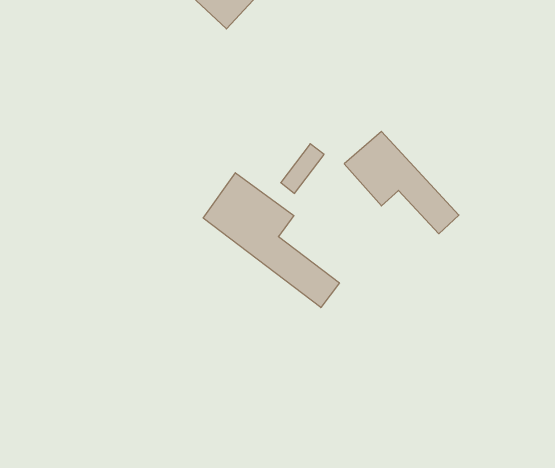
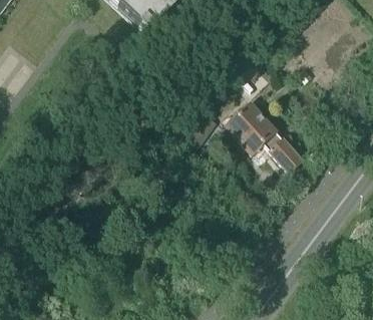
building: [203,173,339,308] -> none

